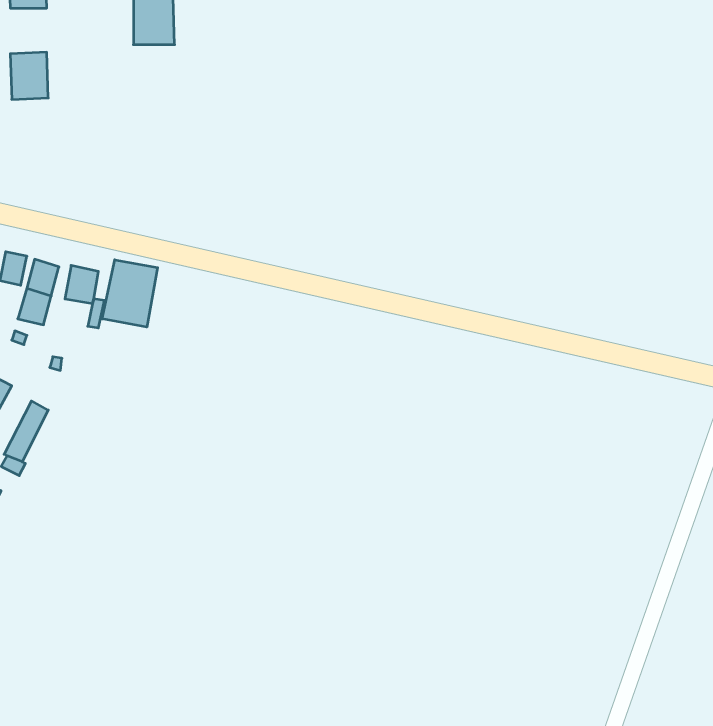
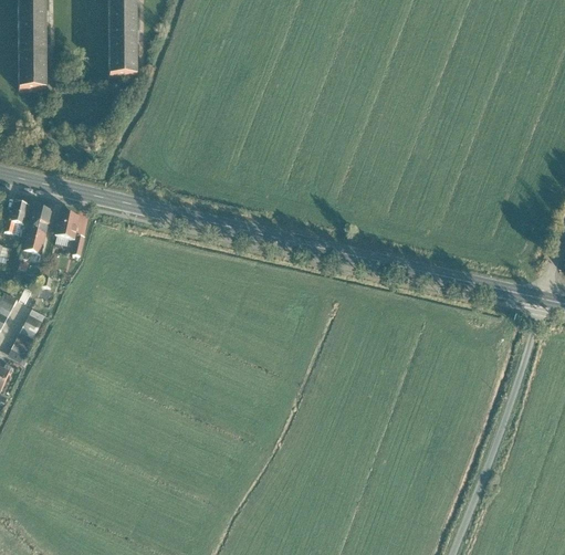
building: none -> [19,21,45,54]
building: none -> [108,48,138,73]
building: [102,260,158,327] -> none

